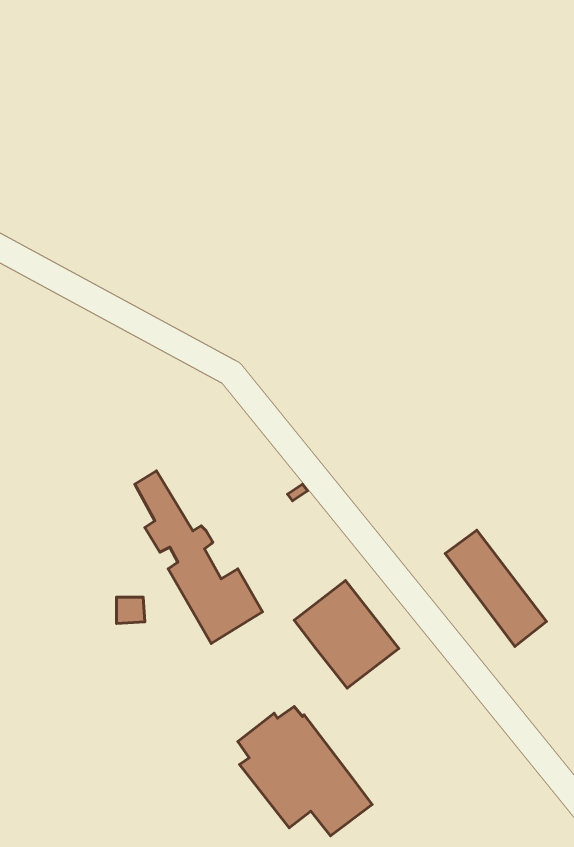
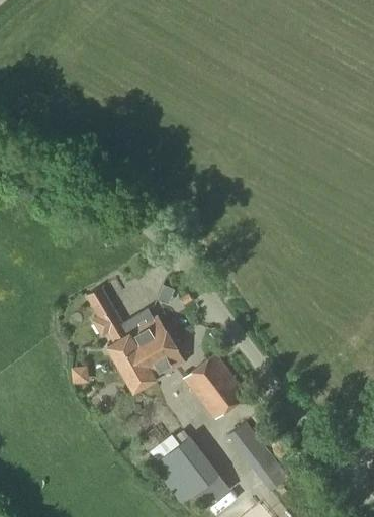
building: none -> [127,308,184,373]
building: [445,530,546,646] -> [226,421,288,492]

